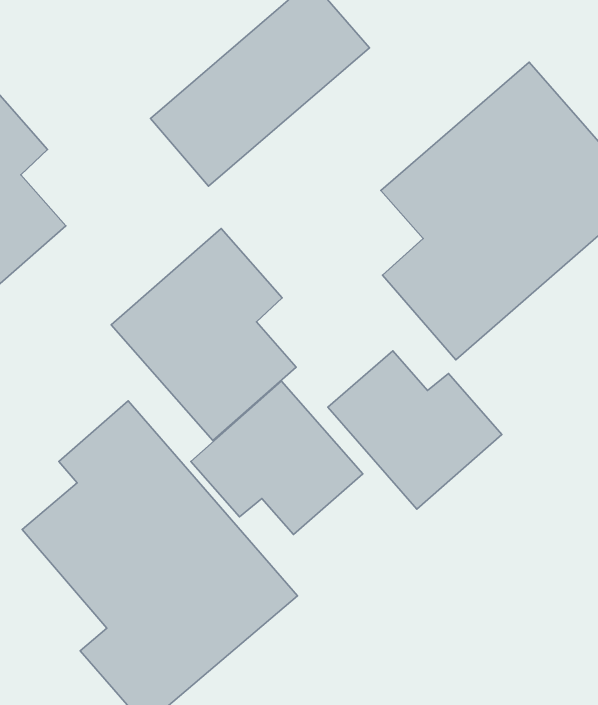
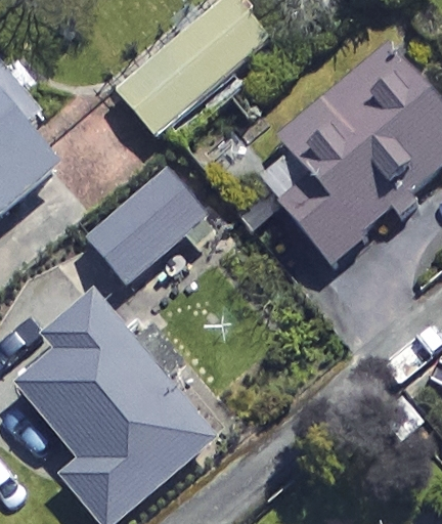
building: [328,351,502,509] -> none
building: [191,381,363,534] -> none

